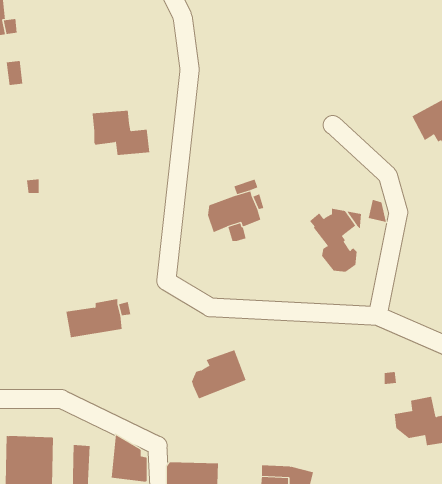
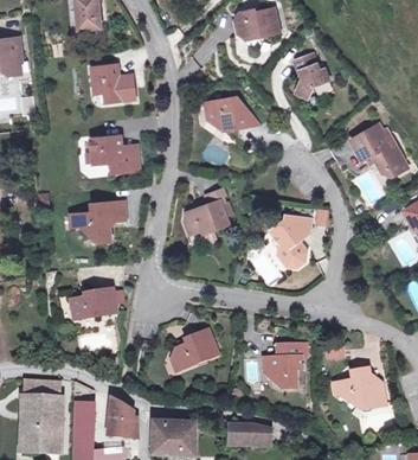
building: none -> [294,53,328,98]
building: none -> [91,64,135,102]
building: none -> [204,97,257,129]
building: none -> [76,202,126,242]
building: none -> [261,344,306,388]
building: none -> [24,379,59,401]

